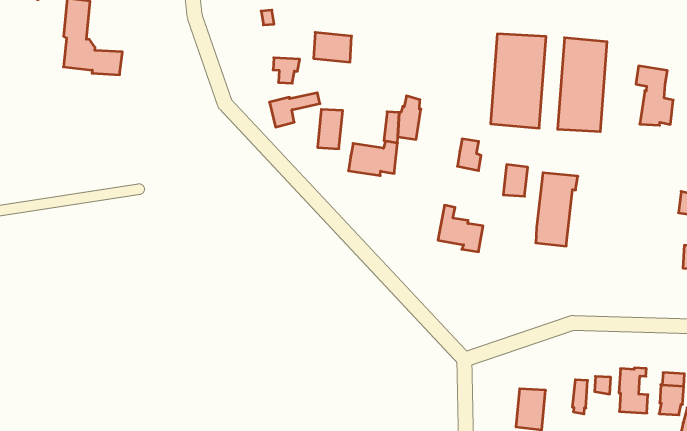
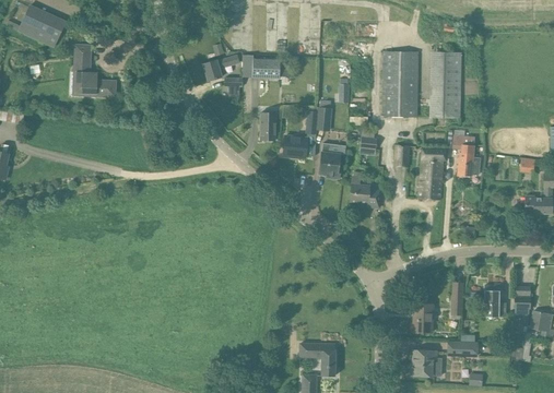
building: [636,66,673,125] -> [452,134,480,176]
building: [269,93,320,127] -> [202,55,238,81]
building: none -> [318,143,345,178]

